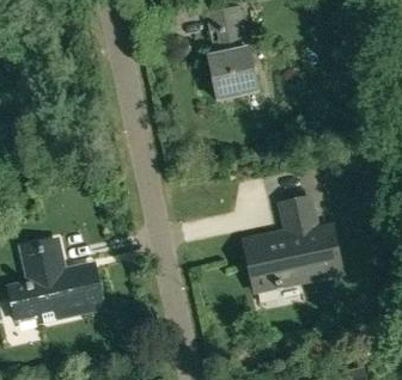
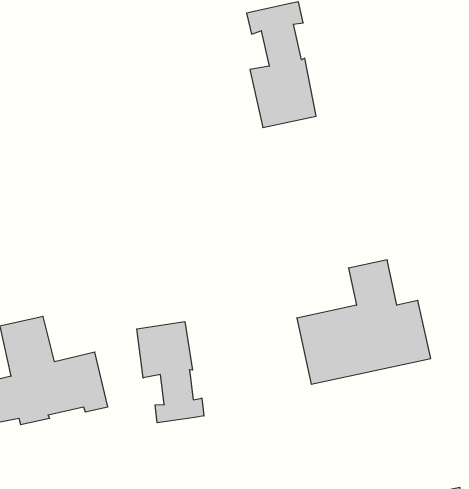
building: none -> [137,322,204,423]

